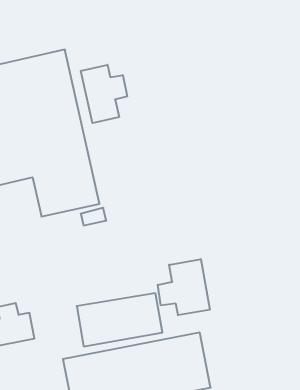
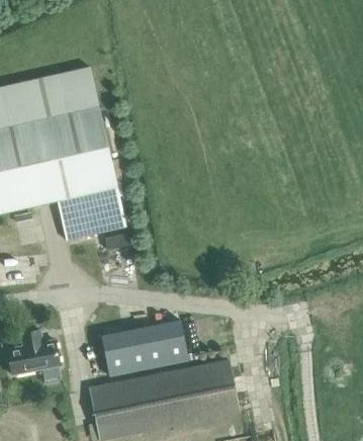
building: [81,65,127,123] -> none
building: [158,259,210,315] -> none

